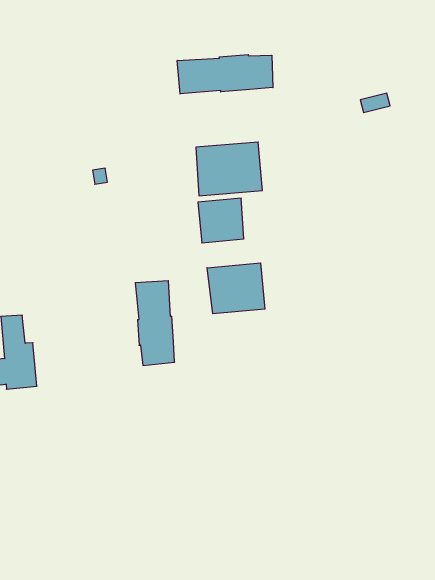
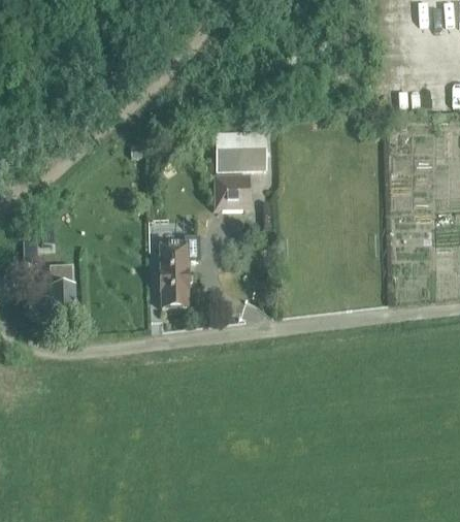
building: [177,55,273,94] -> none
building: [207,263,265,314] -> none

